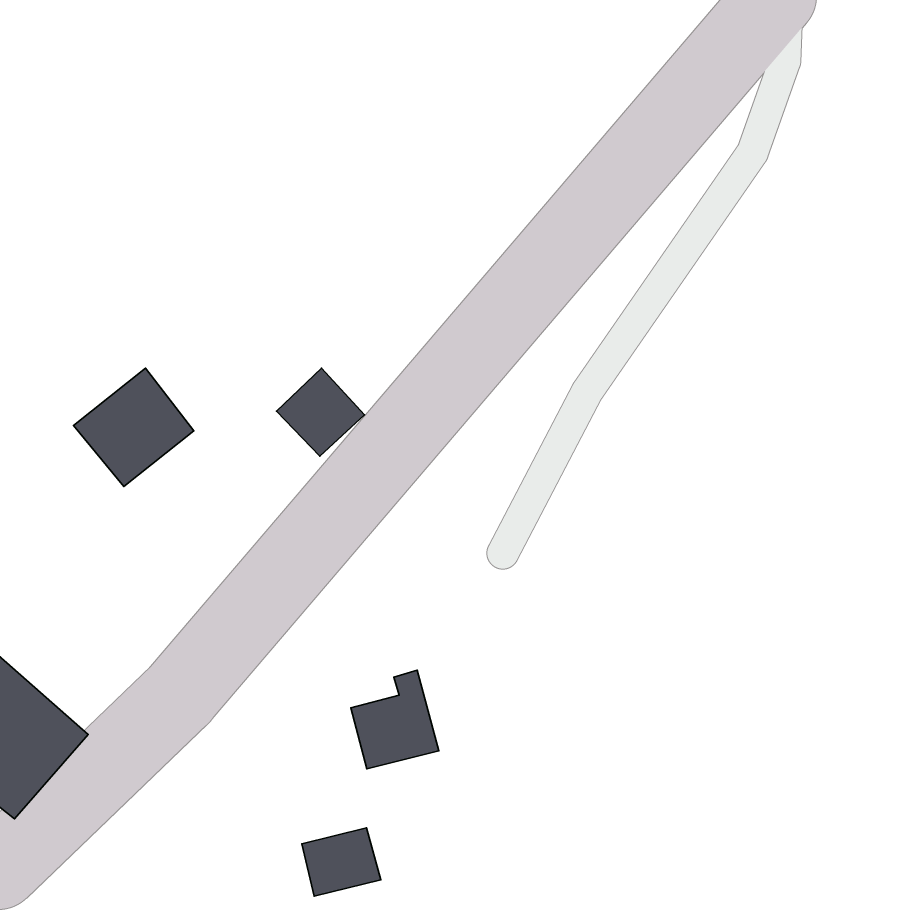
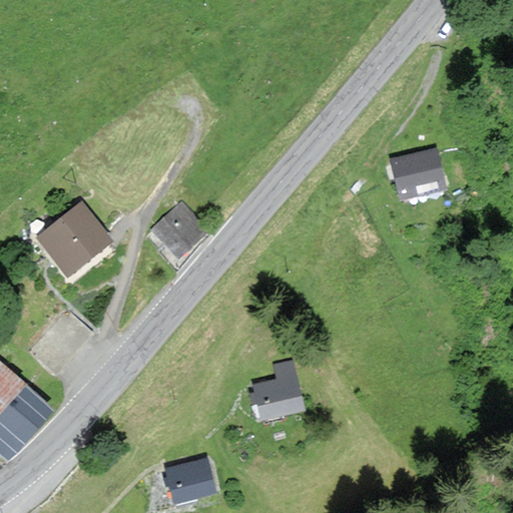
building: none -> [393,150,443,194]
building: [351,670,439,769] -> [253,364,303,419]

